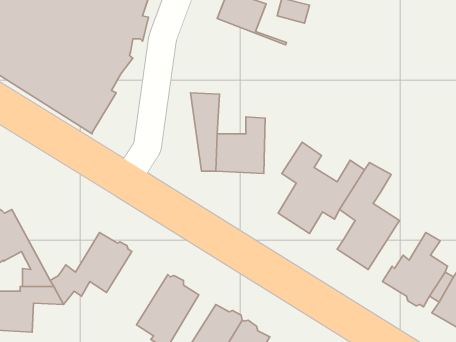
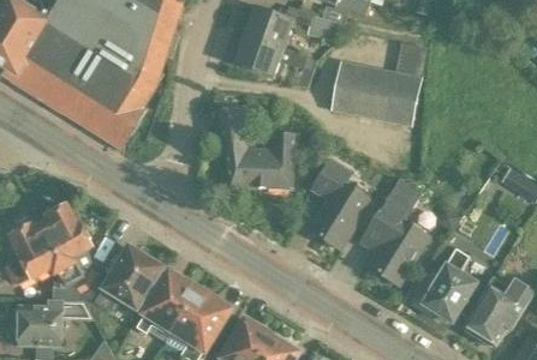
building: none -> [237,34,315,76]
building: none -> [332,41,425,124]
building: none -> [41,204,100,295]
building: none -> [137,272,197,340]

